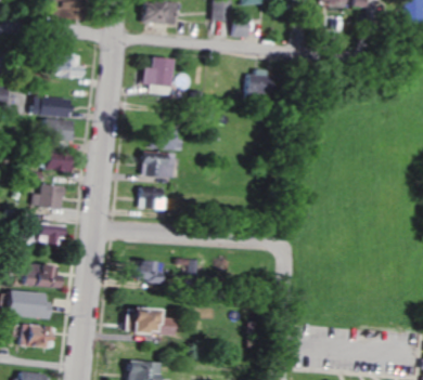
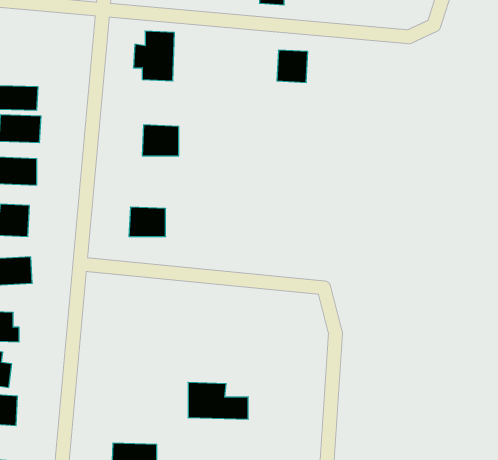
building: [53,54,85,78] -> none
building: [141,152,176,178] -> none
building: [132,261,155,283] -> none
building: [127,307,171,335] -> [188,382,248,419]

